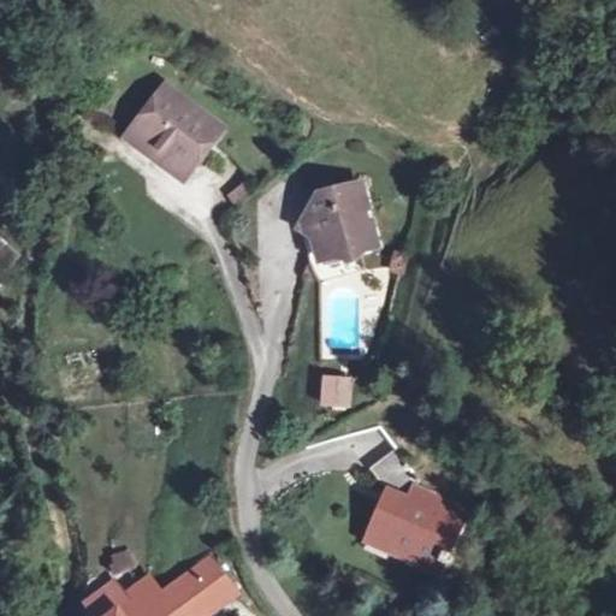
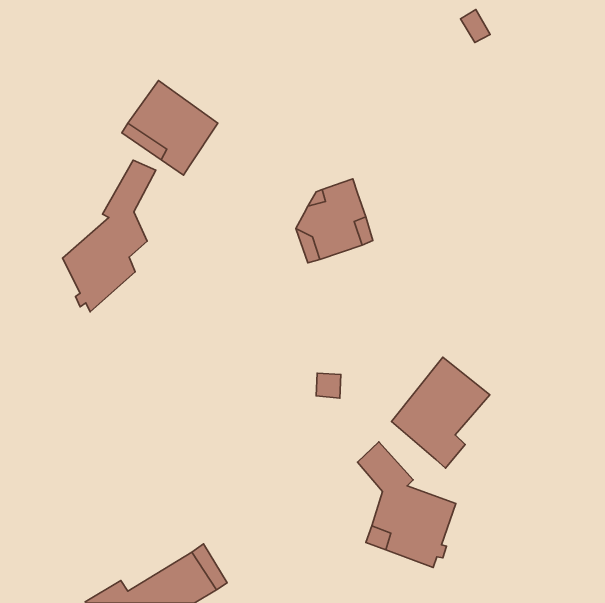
building: none -> [63,160,156,312]
building: none -> [392,357,490,468]

